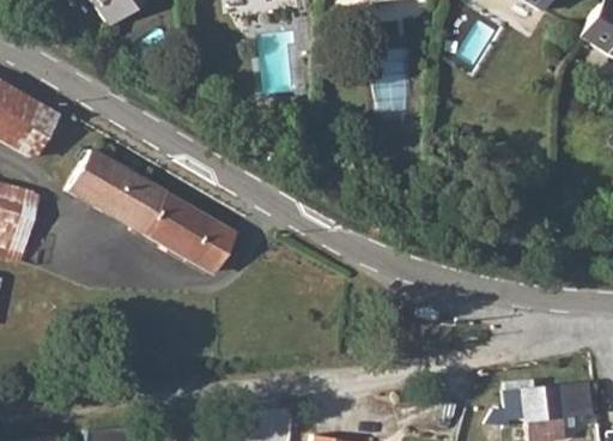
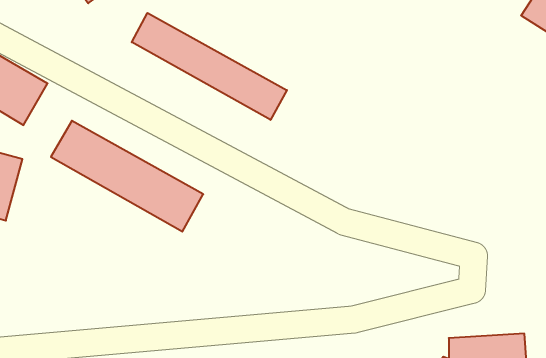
building: none -> [132,13,287,120]

